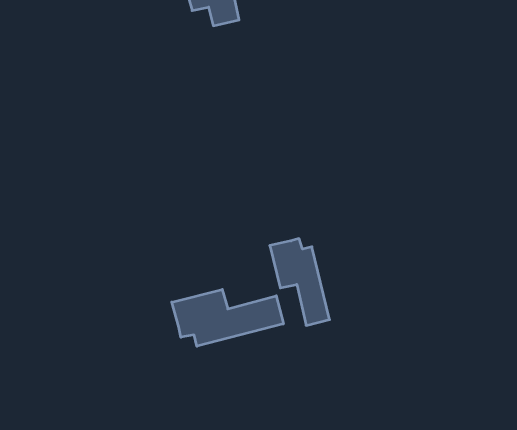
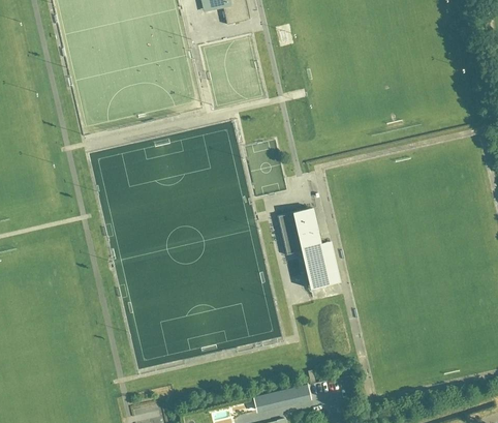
building: [172,289,283,346] -> none

